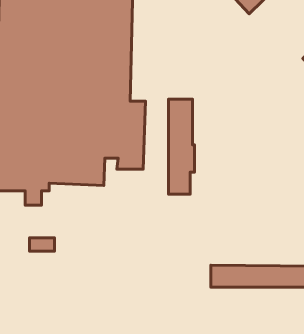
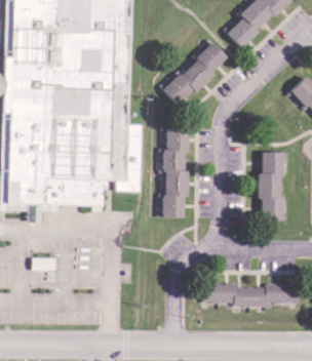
building: none -> [162,41,227,106]
building: none -> [259,152,282,219]

